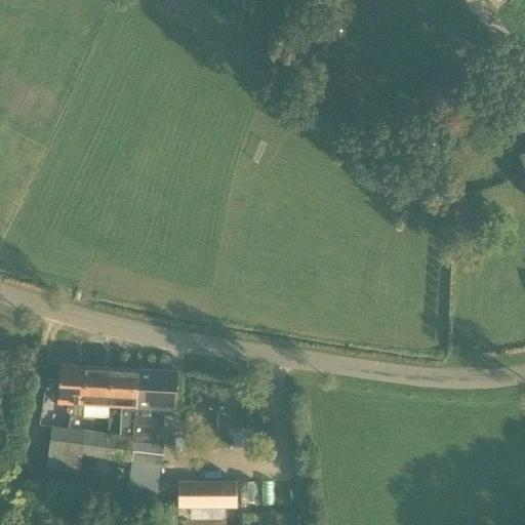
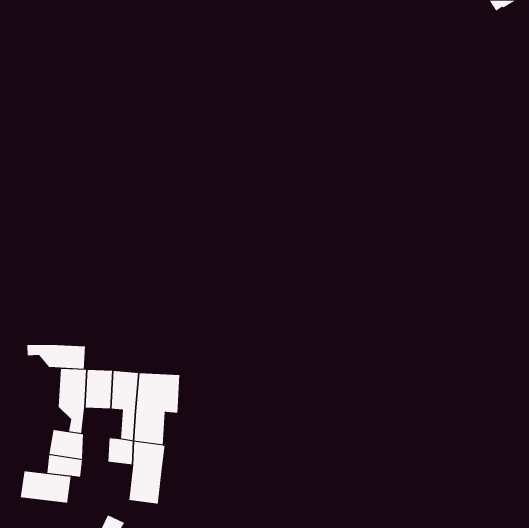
building: none -> [27,344,86,369]
building: [82,431,108,458] -> none
building: none -> [20,470,71,504]
building: [179,482,236,509] -> none

